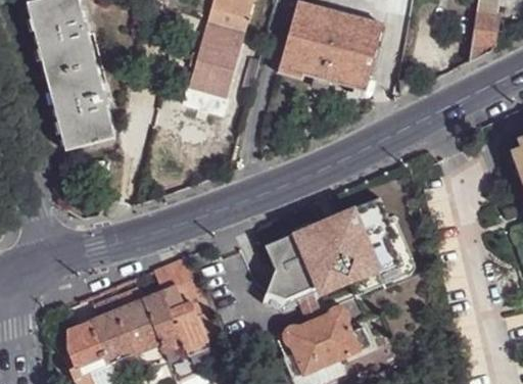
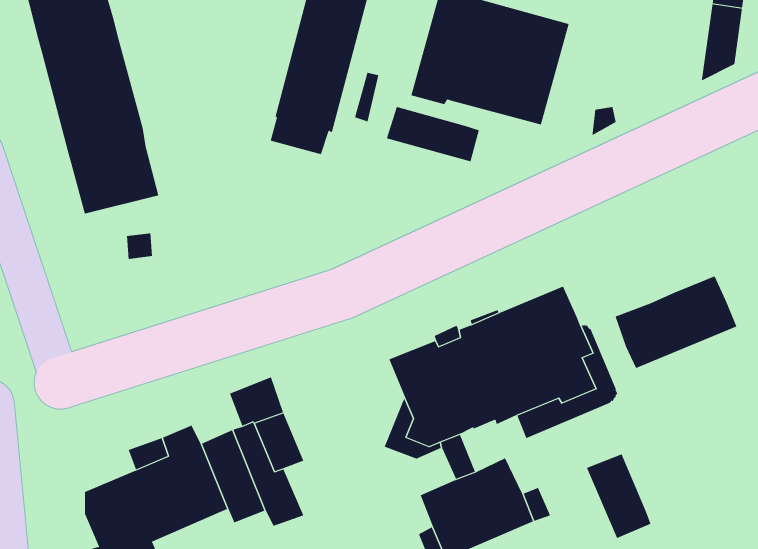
building: none -> [386,106,479,162]
building: none -> [615,275,737,369]
building: none -> [586,454,651,539]

